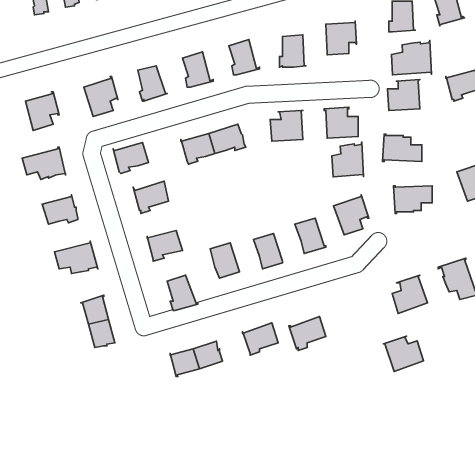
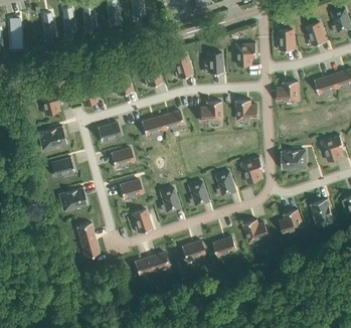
building: [391,41,431,75] -> none
building: [383,134,422,161] -> none
building: [332,142,363,177] -> none
building: [383,336,423,372] -> [242,218,269,241]

